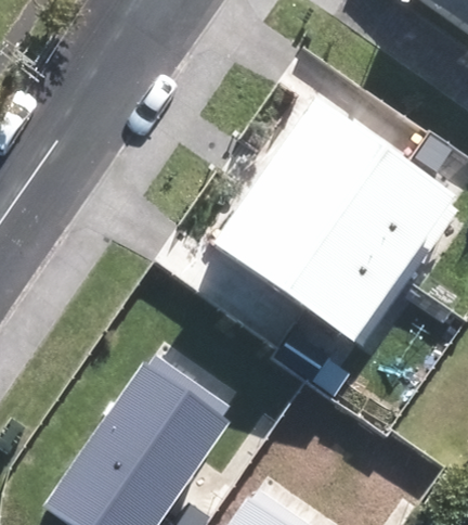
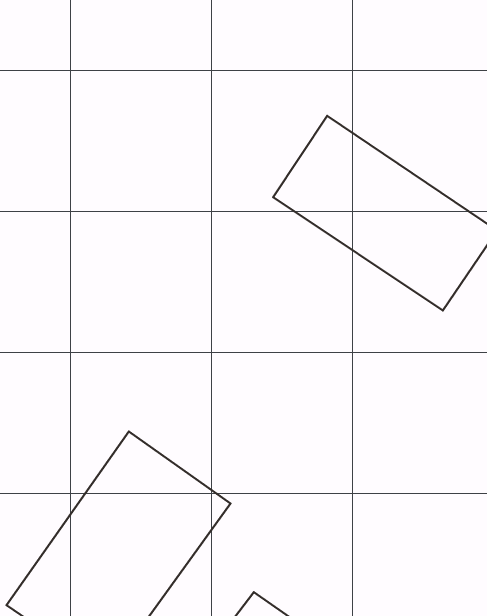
building: [219,168,412,338] -> none

